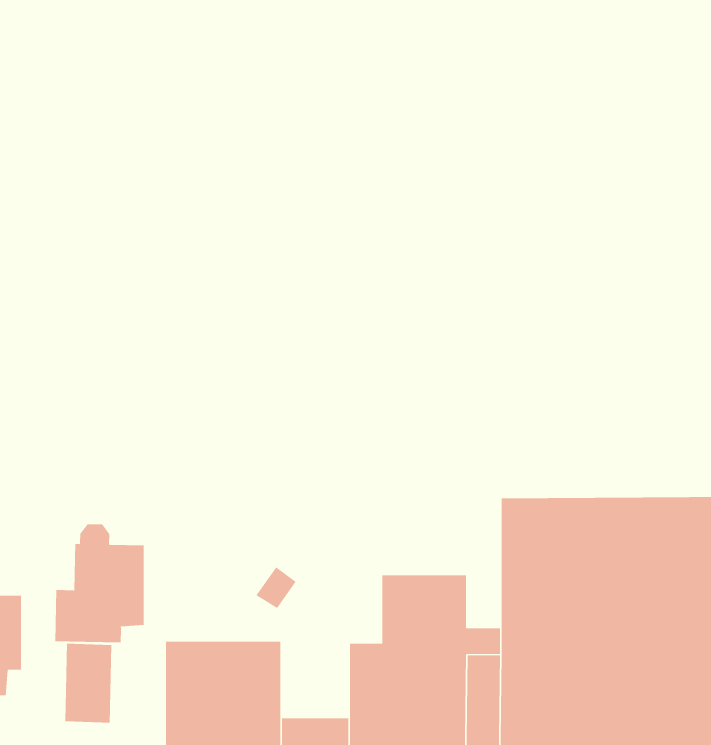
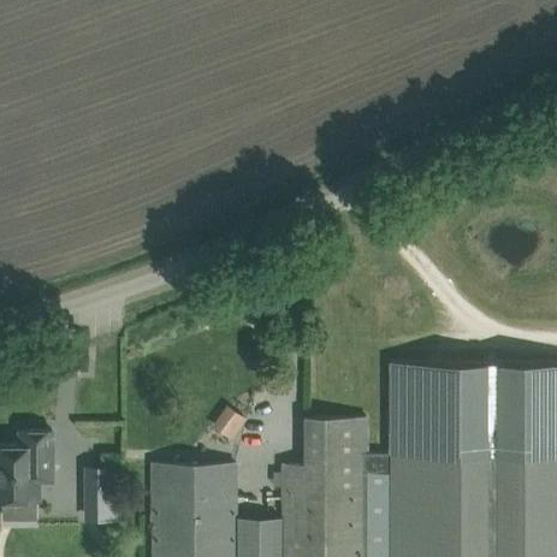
building: [55,523,144,643] -> none

